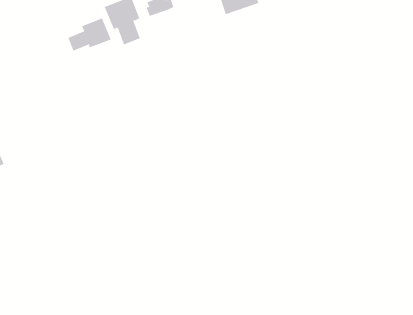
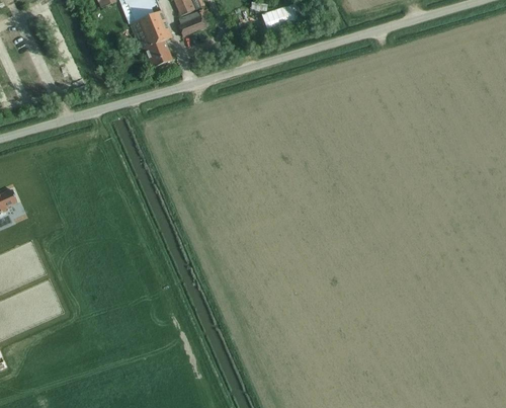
building: [67,17,111,52] -> none

